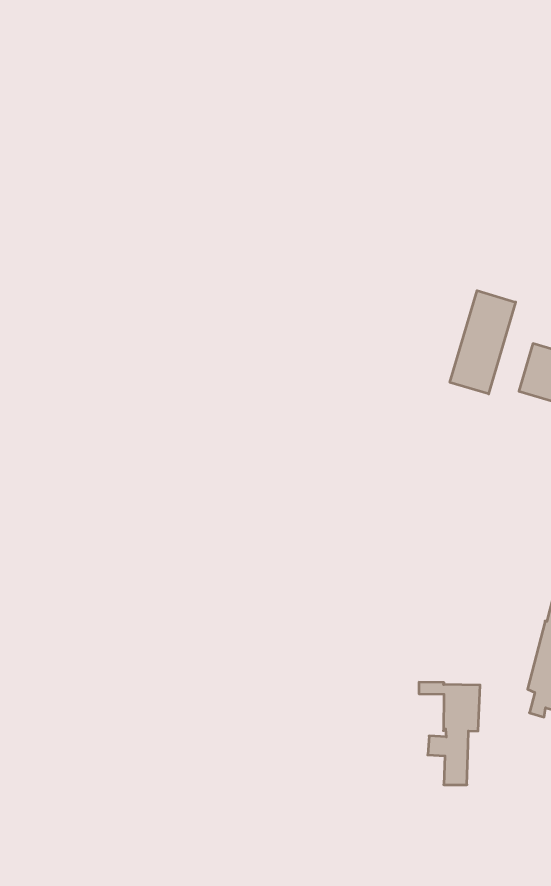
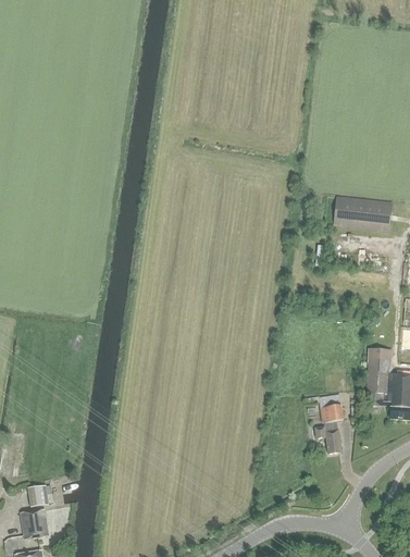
building: [450,291,516,394] -> none

